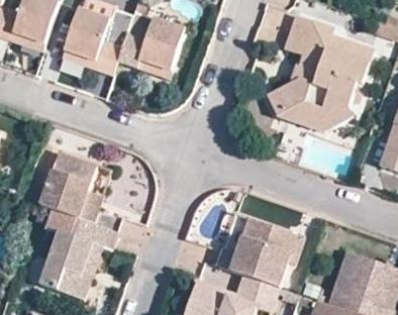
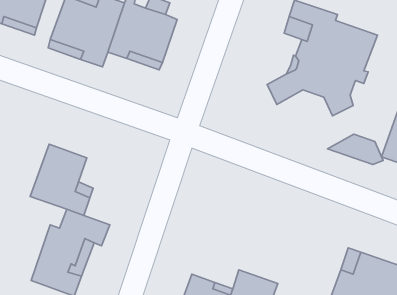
building: [277,101,330,130] -> [328,134,383,165]
building: [215,218,296,288] -> none

